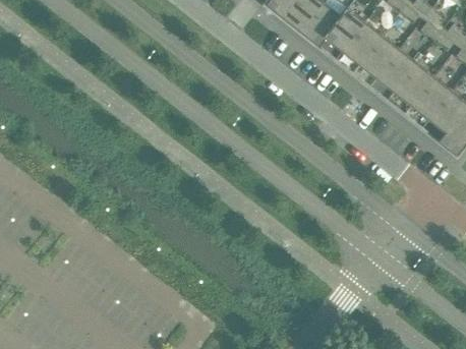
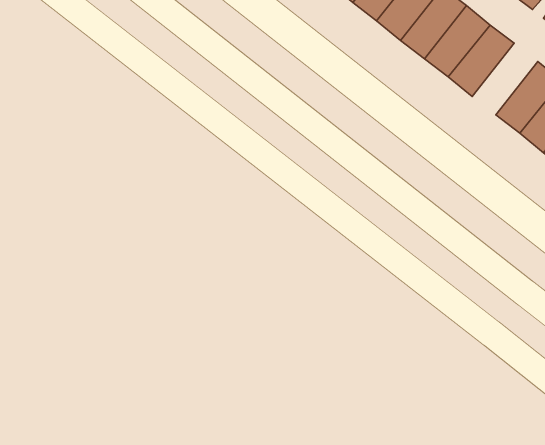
building: [368,47,416,99] -> none

